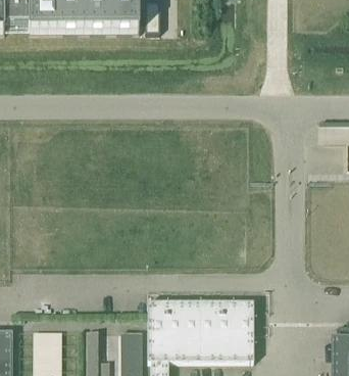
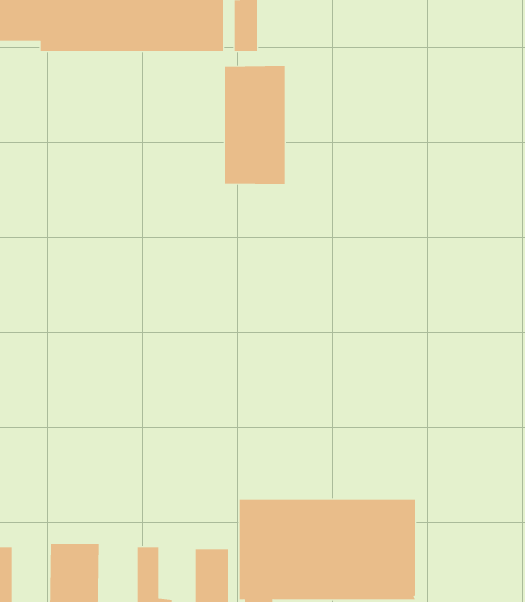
building: none -> [224,65,285,185]

